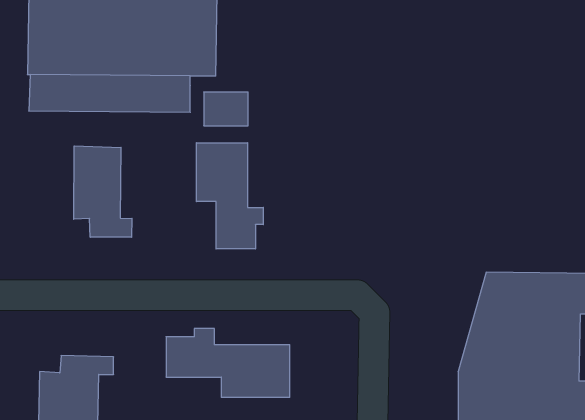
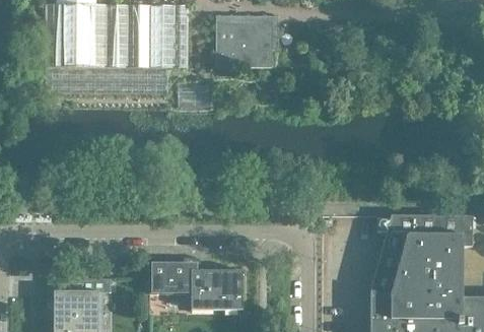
building: none -> [216,23,273,68]
building: [196,143,263,249] -> none
building: [74,146,132,237] -> none

